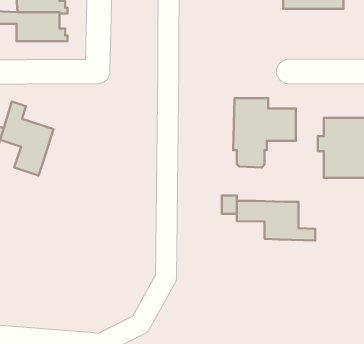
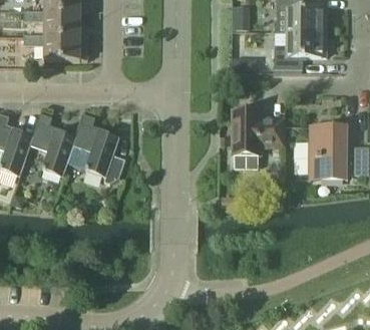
building: none -> [274,30,326,67]
building: none -> [66,111,124,182]
building: [237,201,315,241] -> none

